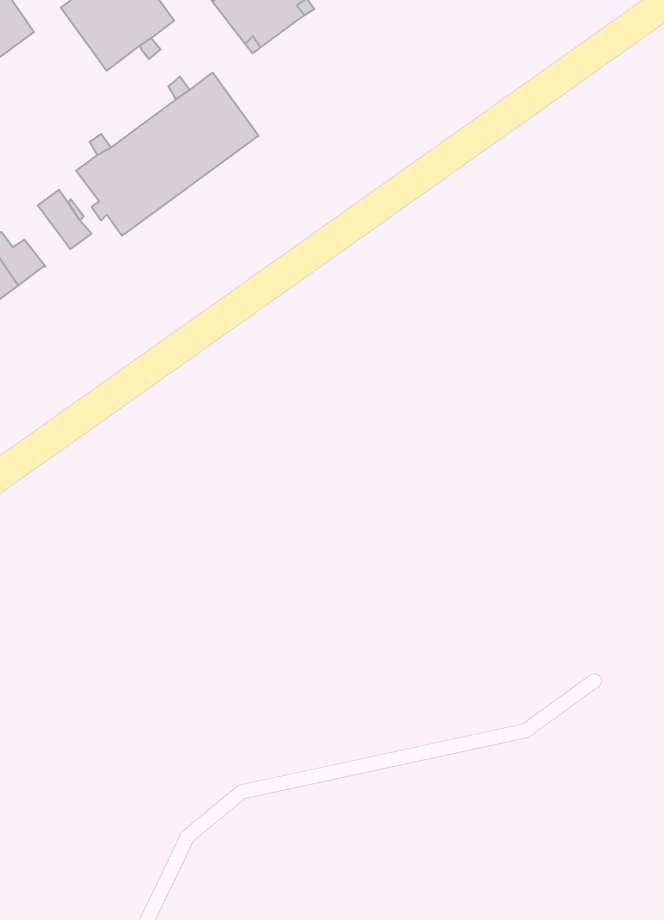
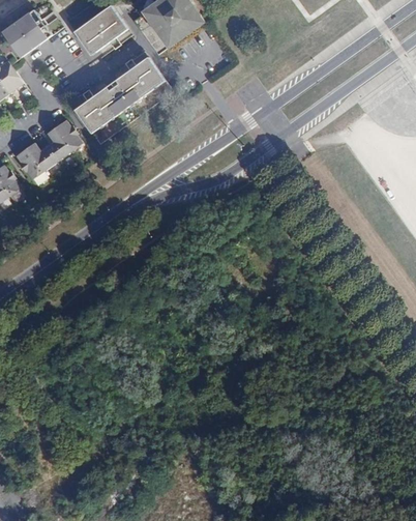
building: none -> [44,127,70,161]

